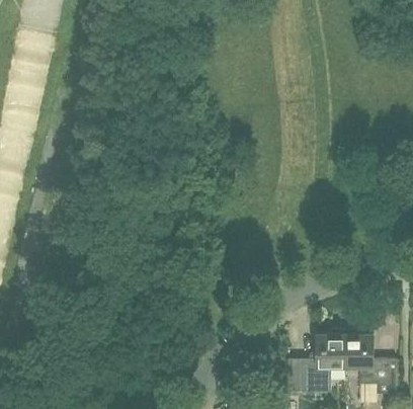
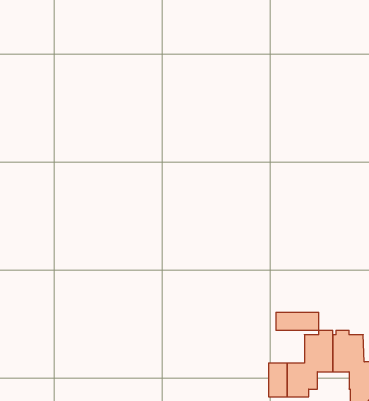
building: none -> [276,312,319,330]

